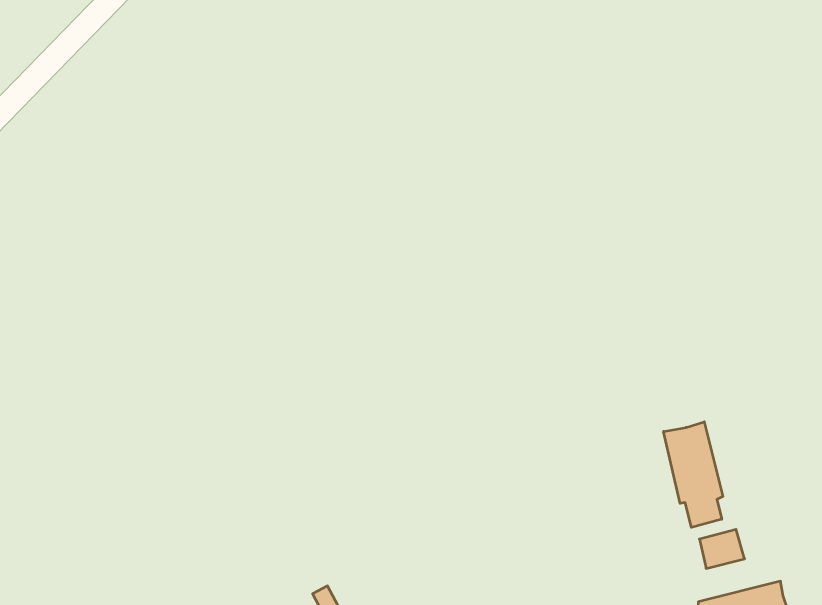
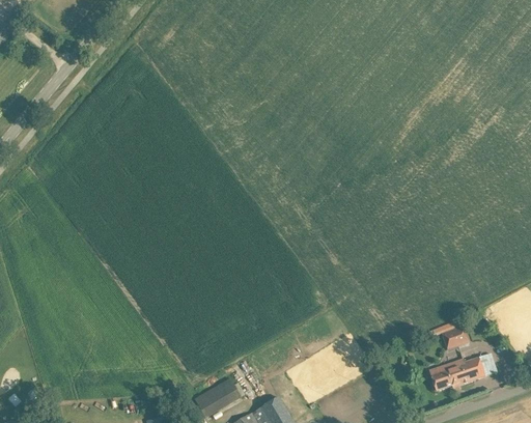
building: [664,422,723,527] -> none

